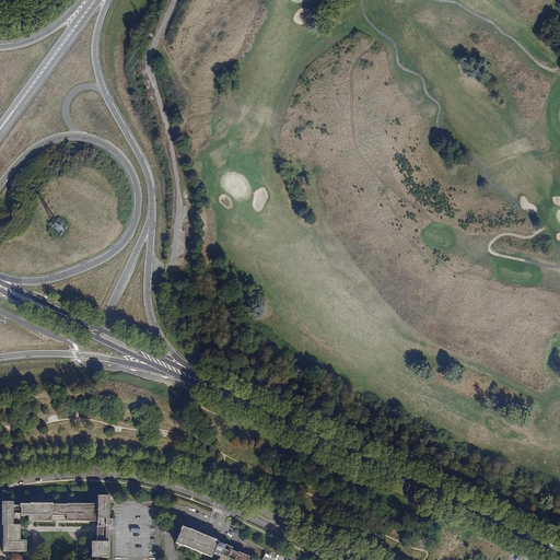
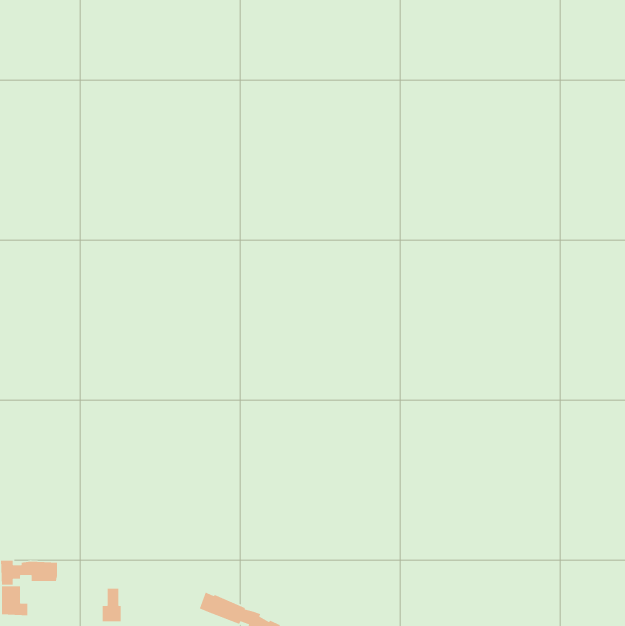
building: [51,493,112,525] -> none

